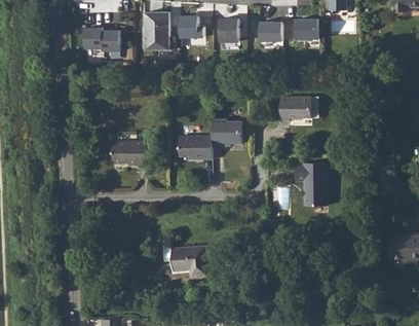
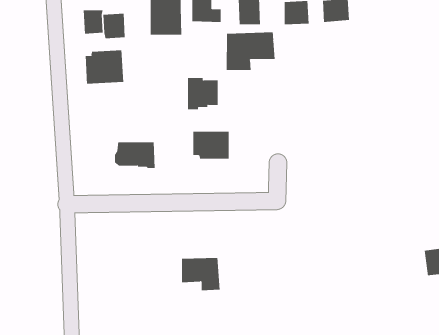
building: none -> [226,31,275,71]
building: none -> [85,50,124,85]
building: [280,100,312,123] -> none
building: [213,119,240,148] -> [187,78,218,110]
building: [294,164,329,207] -> none

